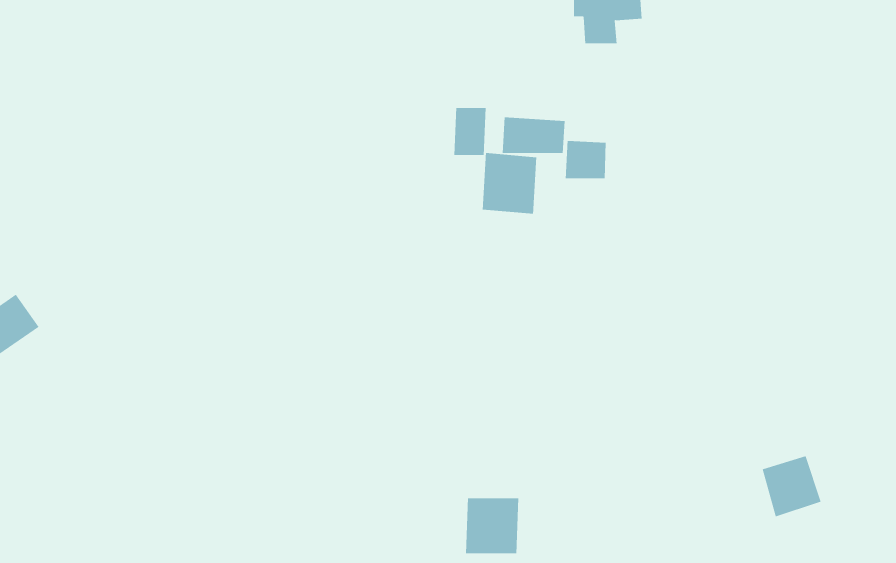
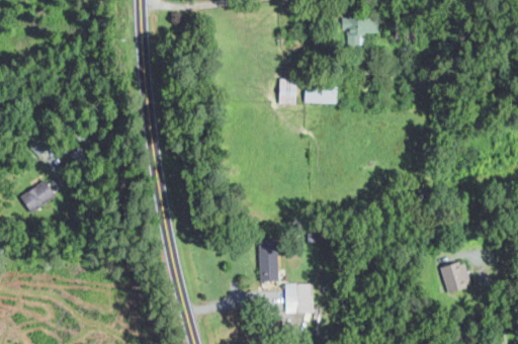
building: [565,140,606,179] -> none
building: [482,152,537,215] -> none
building: none -> [258,251,277,282]

